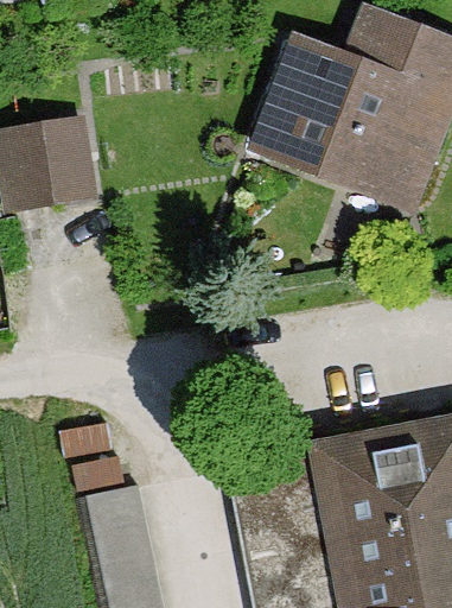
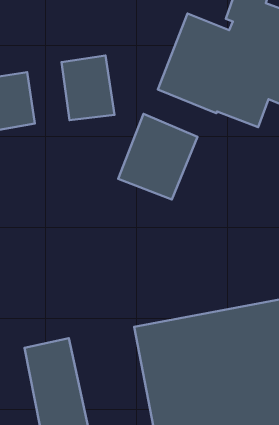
building: none -> [62,56,114,120]
building: none -> [118,114,198,200]

